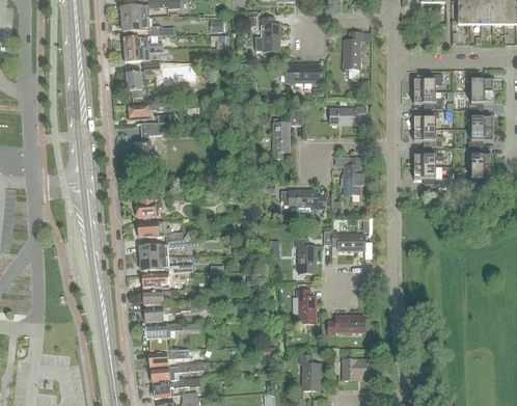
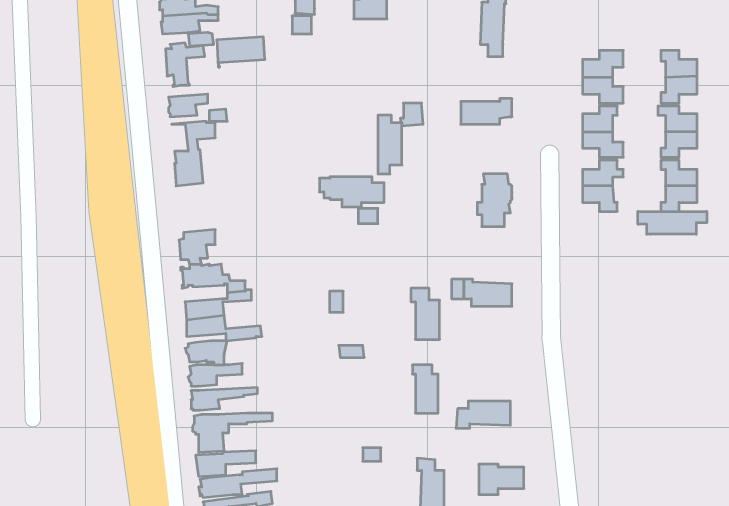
building: [285,63,320,82] -> none
building: none -> [638,211,707,234]
building: [281,190,326,211] -> [319,177,384,207]

